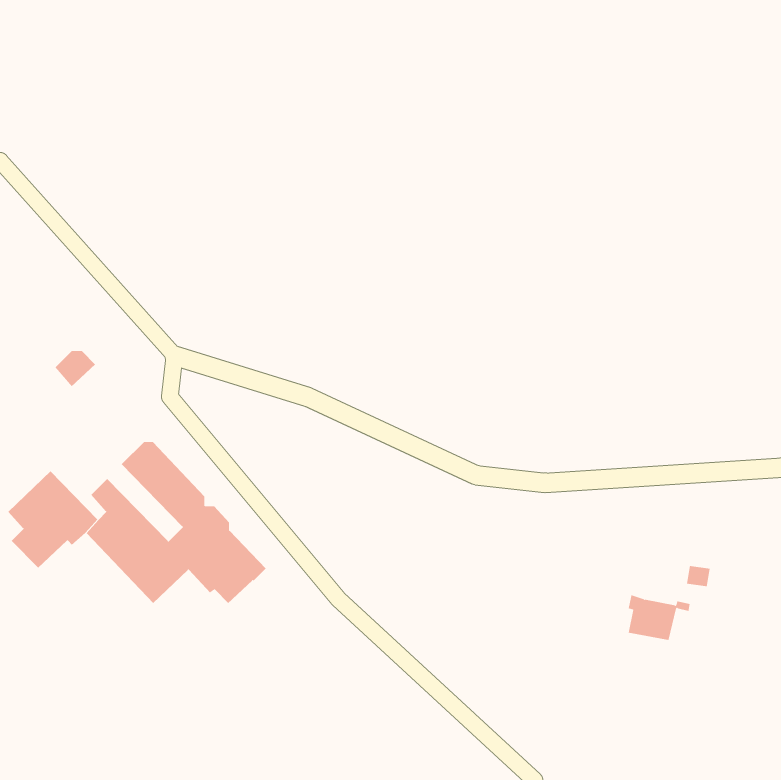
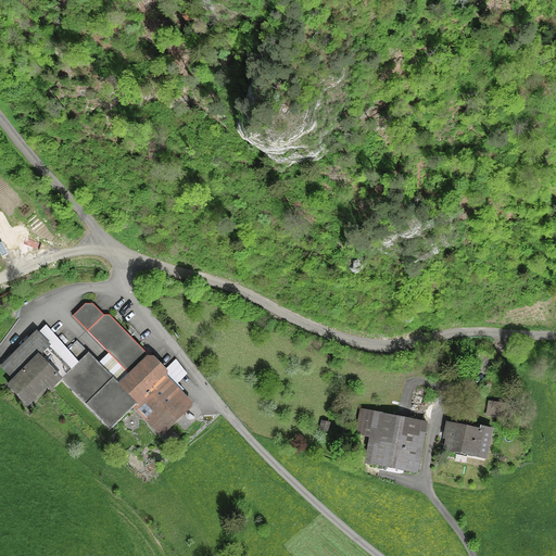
building: [55,351,96,387] -> [73,302,102,328]
building: none -> [356,407,420,469]

